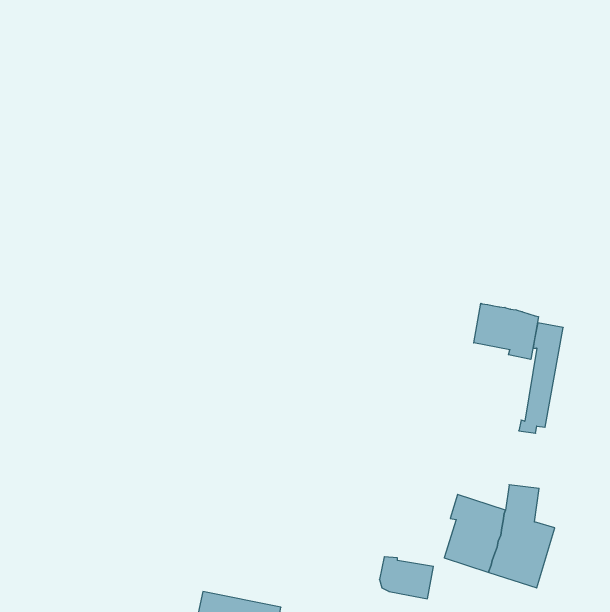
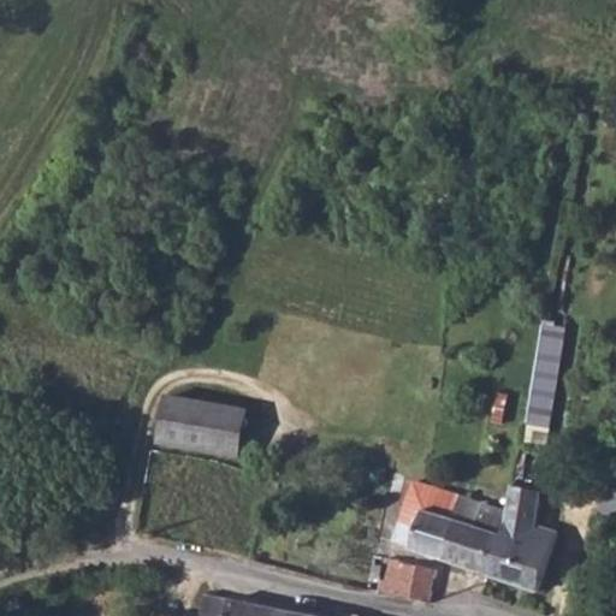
building: [474,303,538,359] -> none
building: none -> [159,396,245,456]
building: none -> [393,482,458,561]

